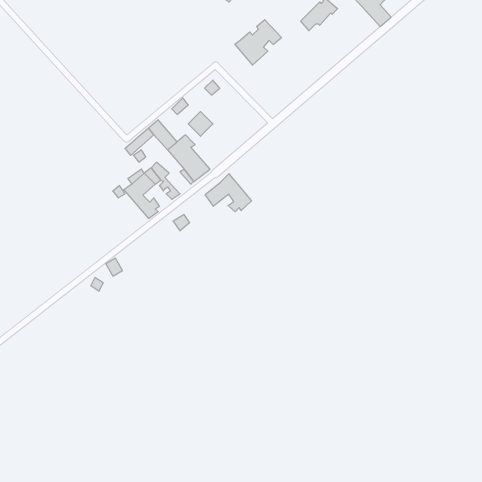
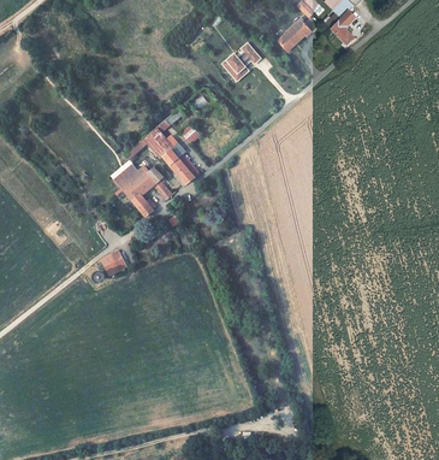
building: [205,174,251,212] -> none

